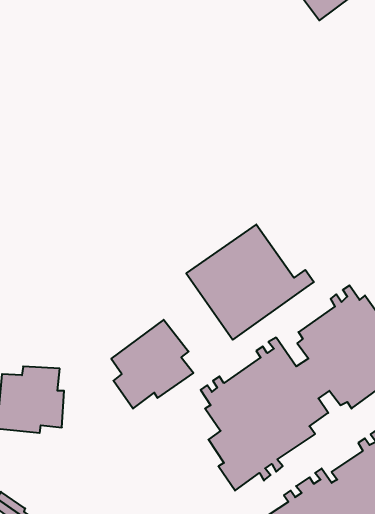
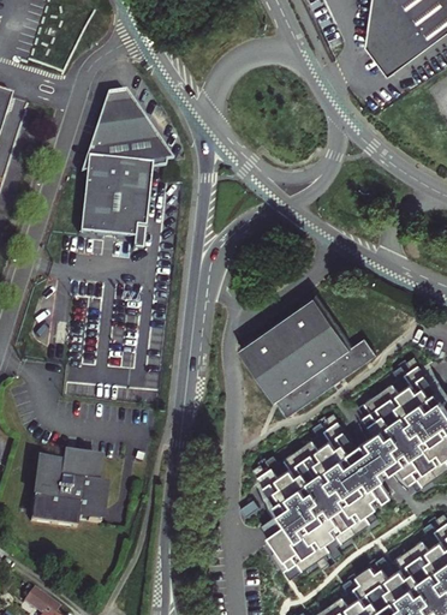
building: none -> [84,92,174,249]
building: [111,320,193,409] -> none

